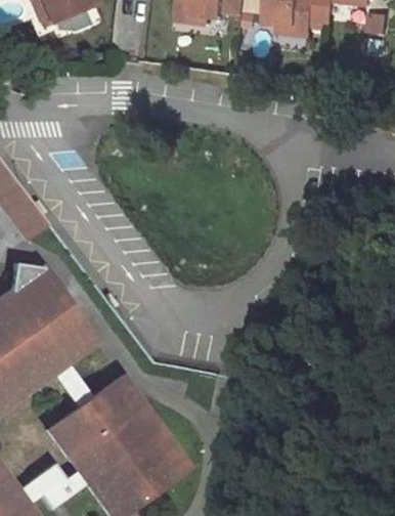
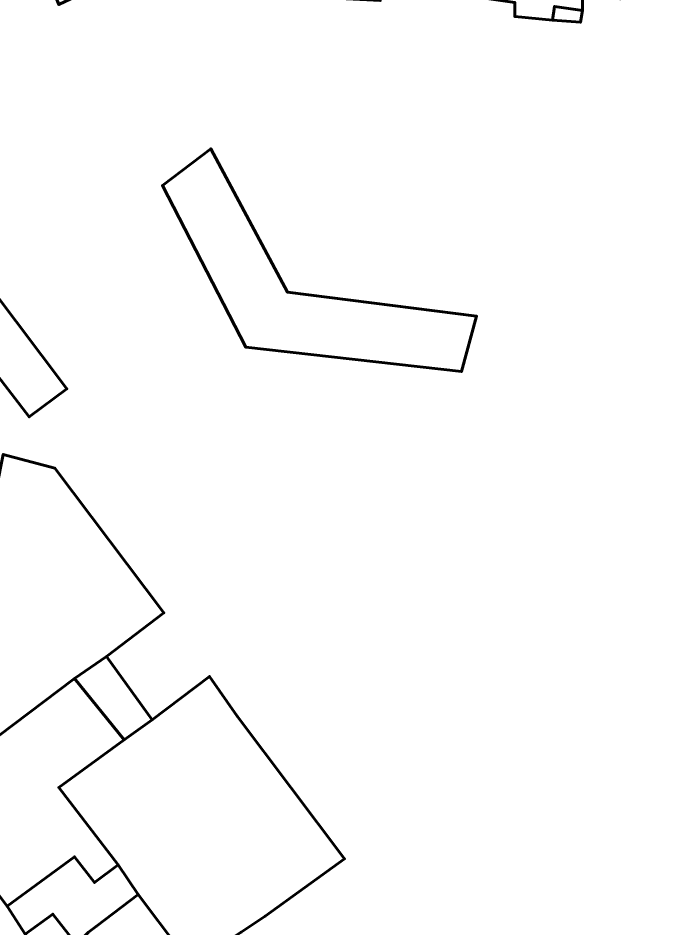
building: none -> [163,149,476,371]

